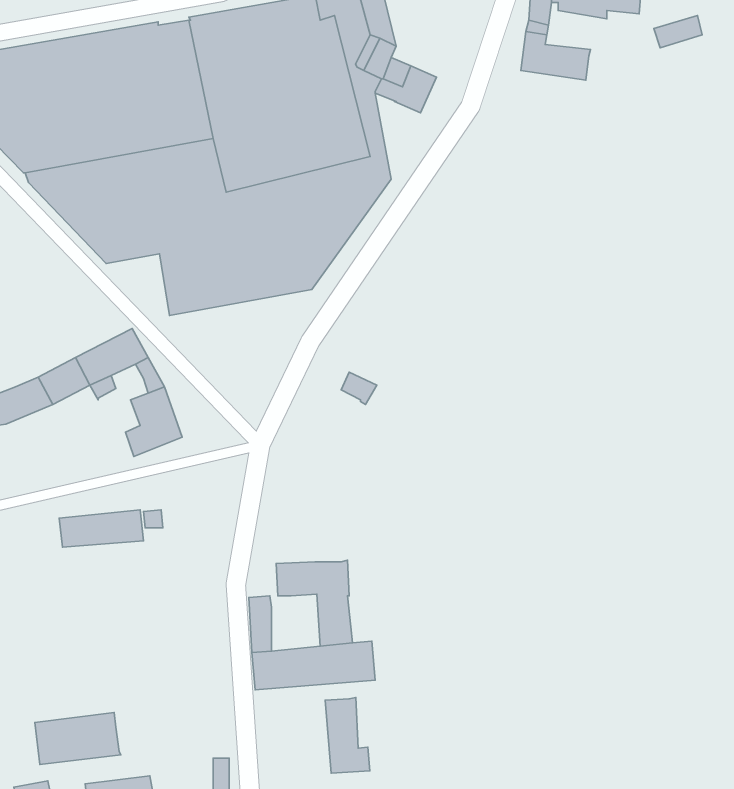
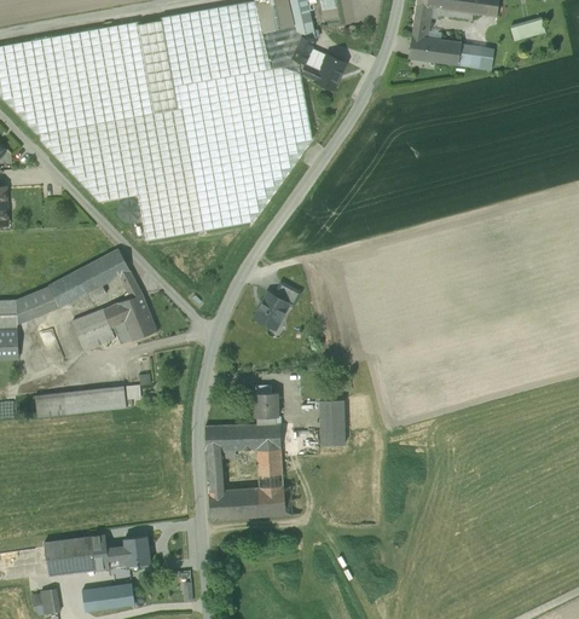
building: none -> [457,47,491,69]
building: none -> [254,293,289,329]
building: none -> [71,303,125,352]
building: none -> [35,392,66,416]
building: none -> [251,392,277,416]
building: none -> [319,400,344,445]
building: none -> [204,426,227,451]
building: [325,697,370,773] -> none
building: none -> [106,537,152,566]

